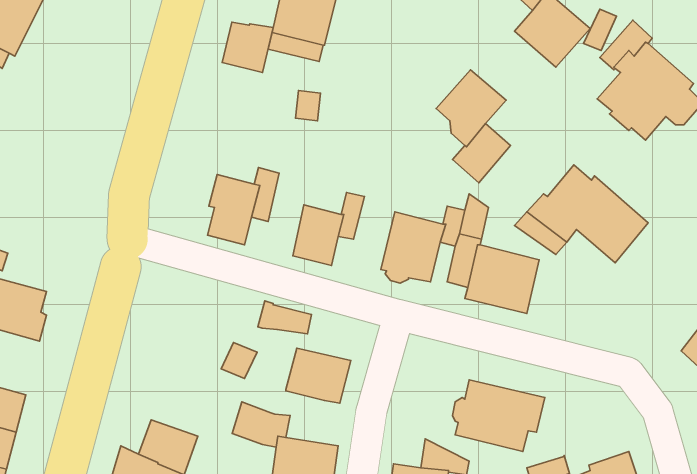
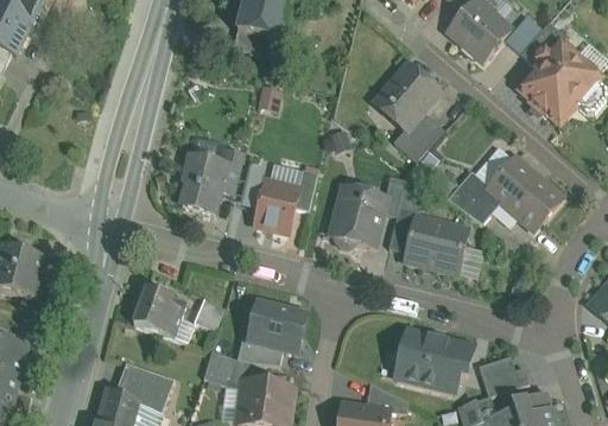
building: [222,22,273,72] -> none
building: [258,301,312,334] -> [236,336,283,364]
building: none -> [133,285,185,336]
building: none -> [479,355,528,396]

